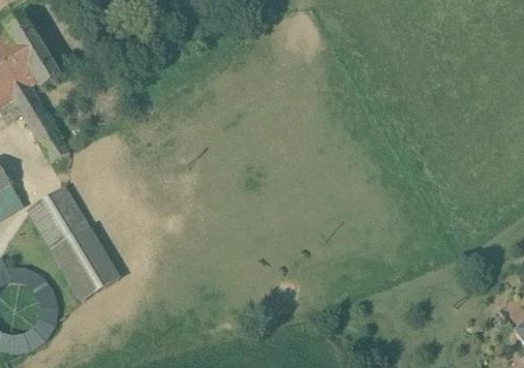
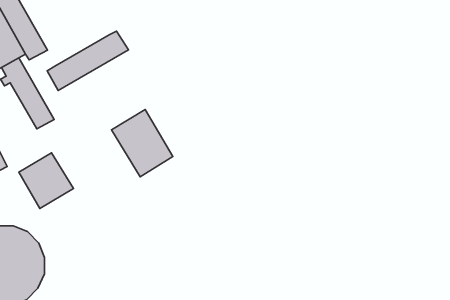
building: none -> [47,31,128,91]
building: [52,226,118,299] -> [112,110,173,177]

